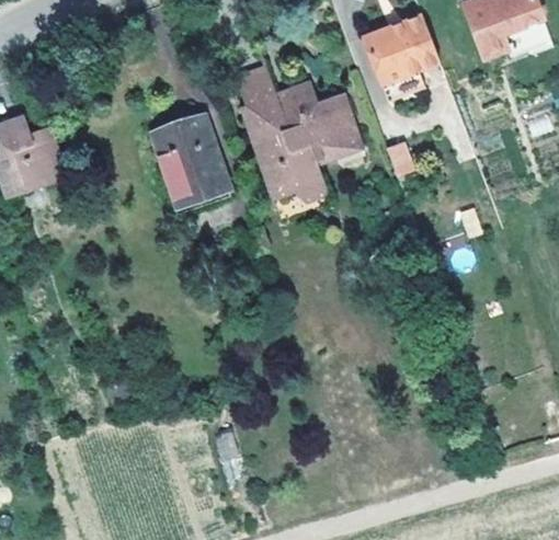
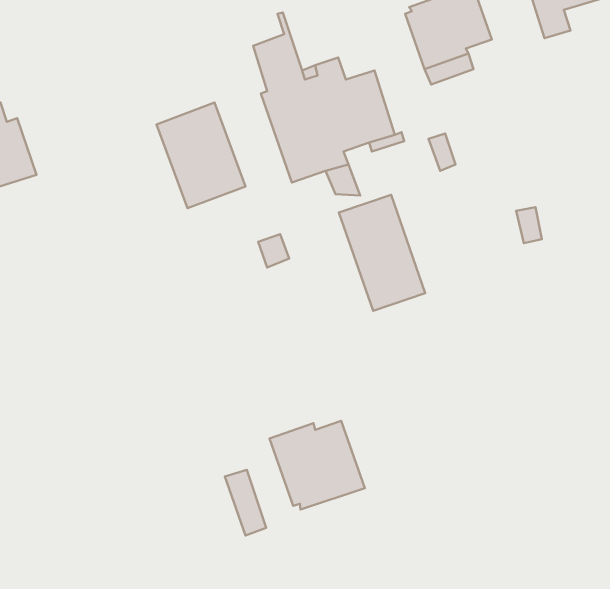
building: none -> [339,195,425,311]
building: none -> [269,421,365,509]

